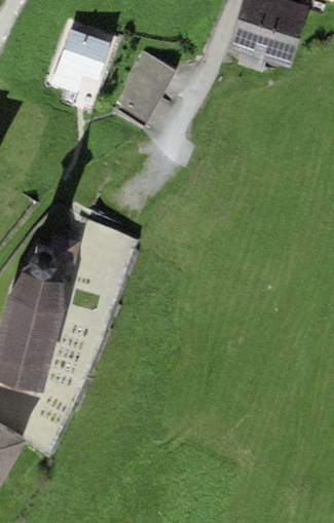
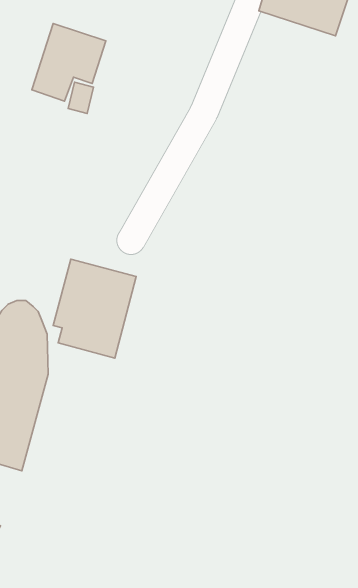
building: [227,15,300,65] -> none
building: [114,49,175,123] -> none

